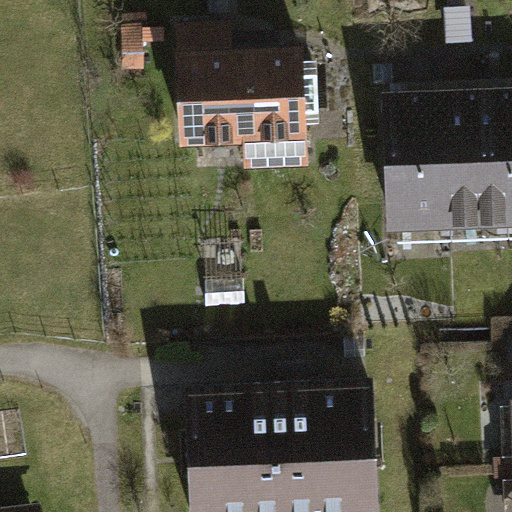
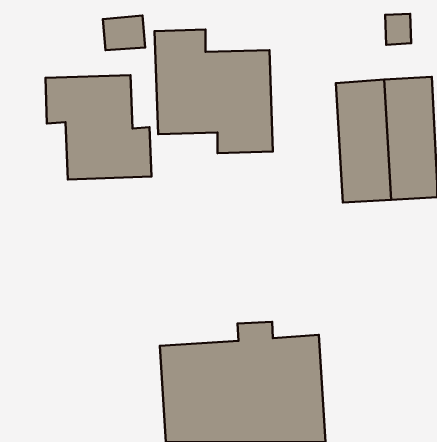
building: none -> [45,75,151,179]

